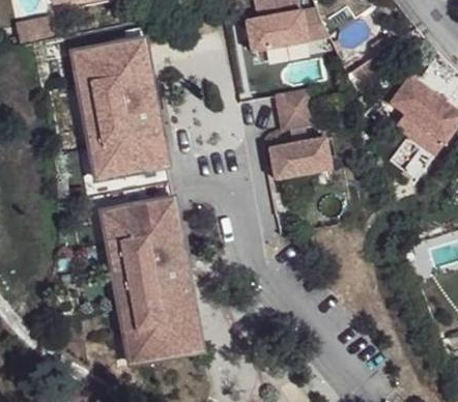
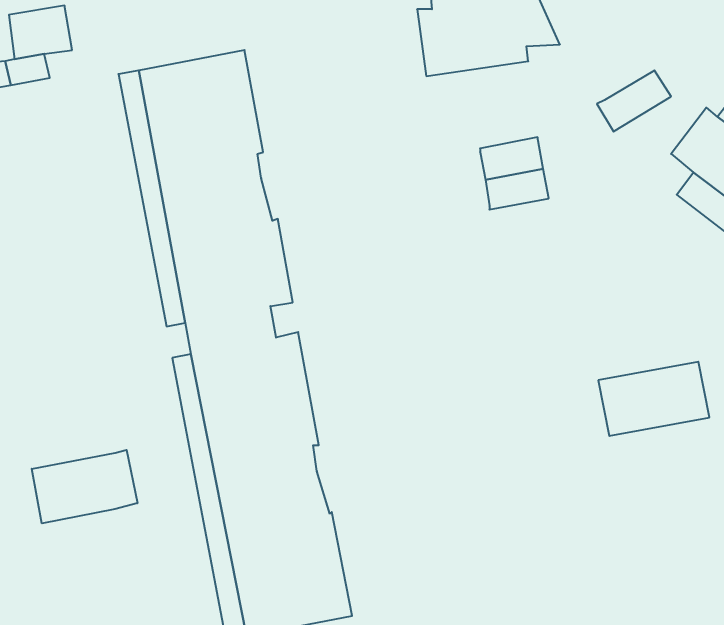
building: [270,138,333,179] -> [598,362,709,436]
building: none -> [32,450,137,523]

